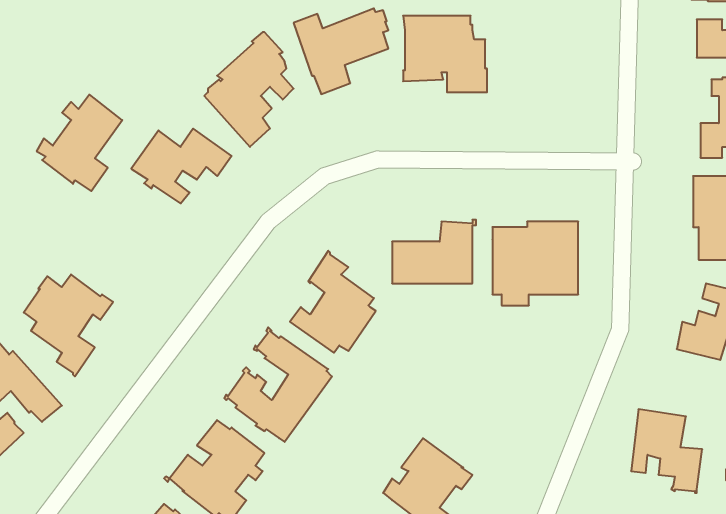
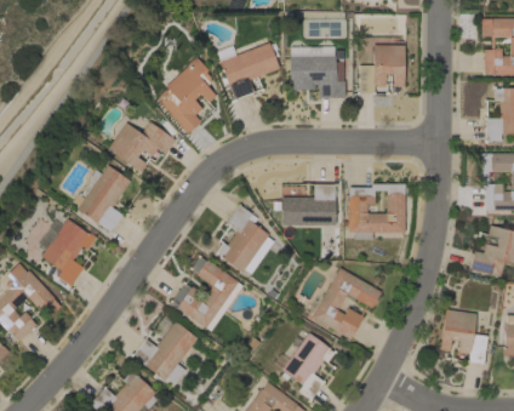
building: none -> [360,45,405,96]
building: [37,95,122,191] -> [74,165,131,229]
building: none -> [313,268,382,339]

